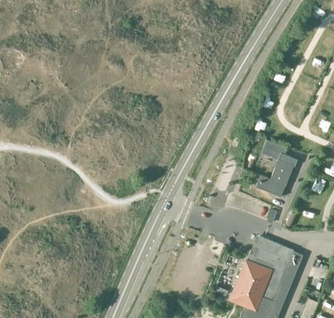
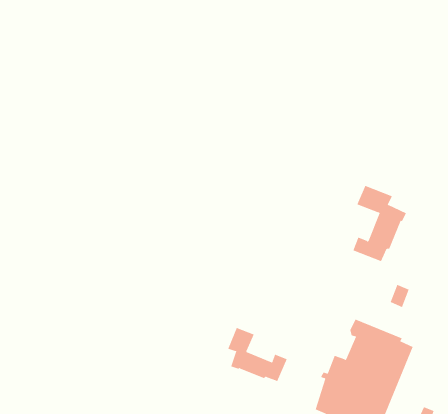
building: none -> [228,327,287,382]

